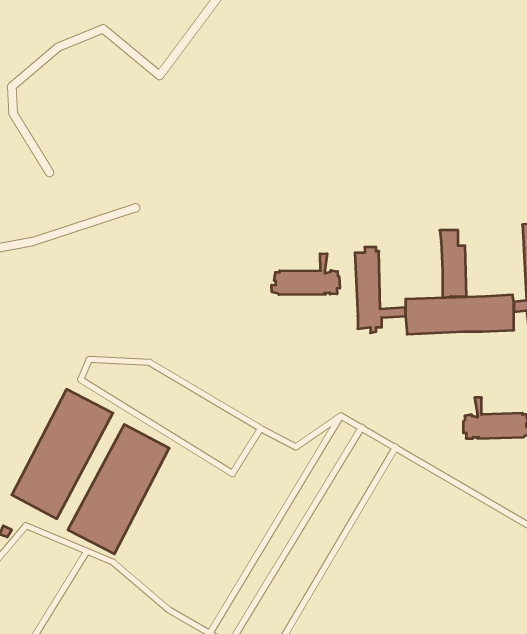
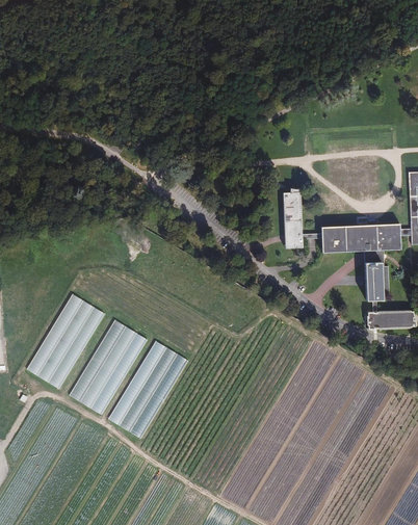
building: [440,230,466,298] -> [363,251,383,300]
building: [272,254,340,295] -> none
building: none -> [111,340,186,439]

